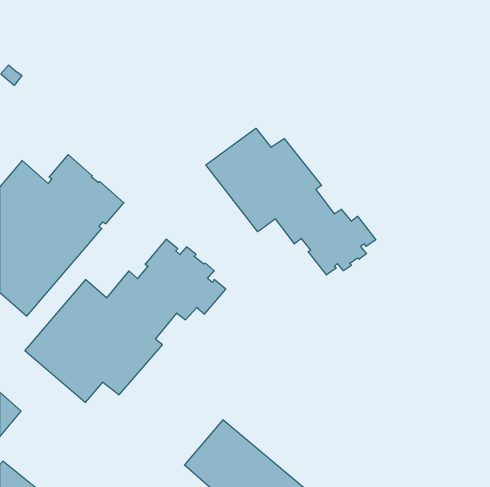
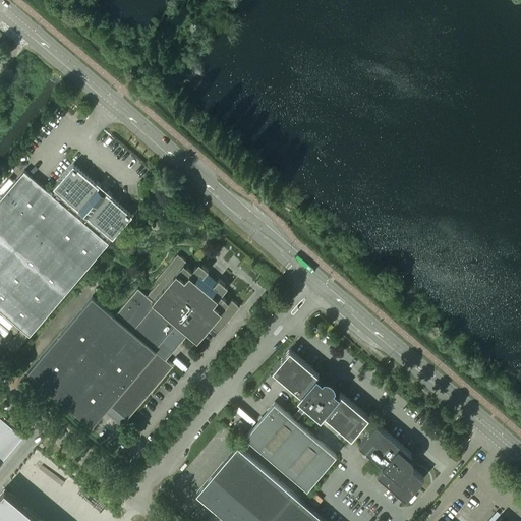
building: [206,128,376,275] -> none
building: none -> [244,353,422,503]

